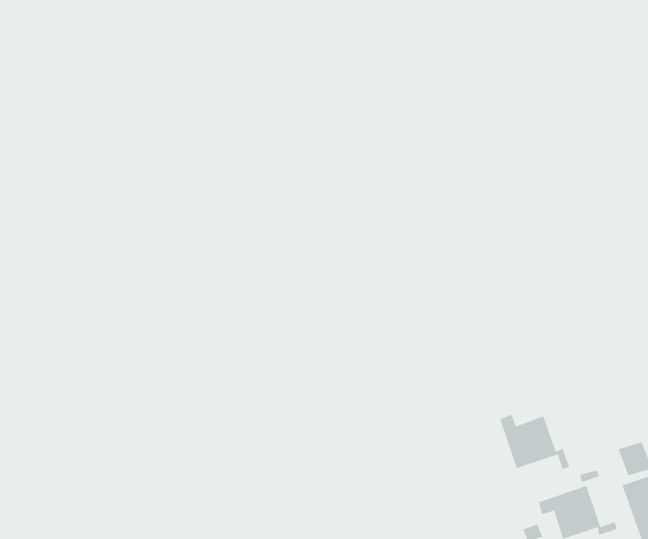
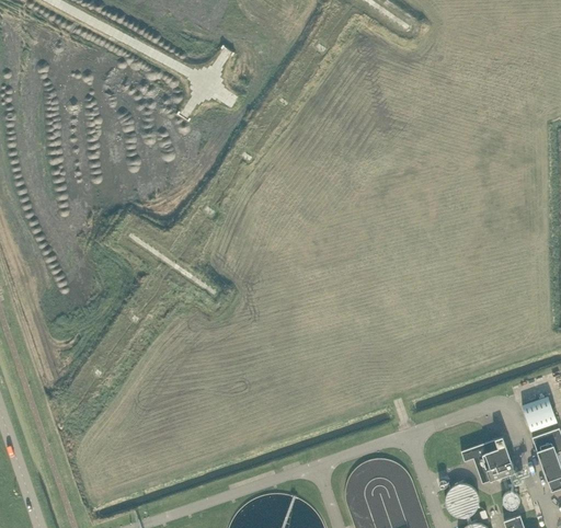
building: [500,414,570,470] -> none

